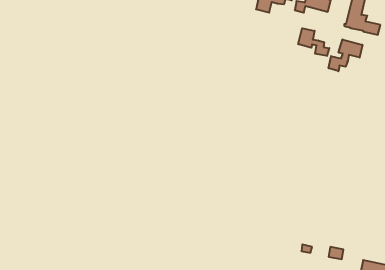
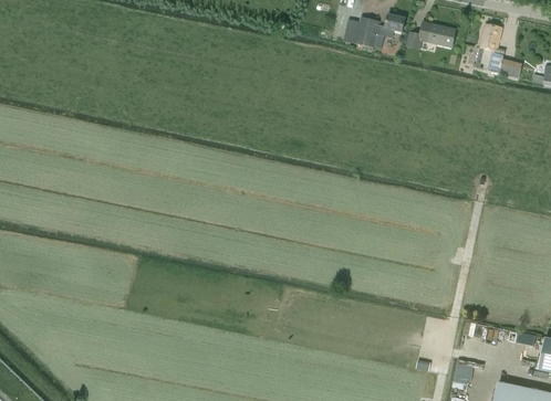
building: [298,28,329,56] -> none
building: [329,39,362,71] -> none

